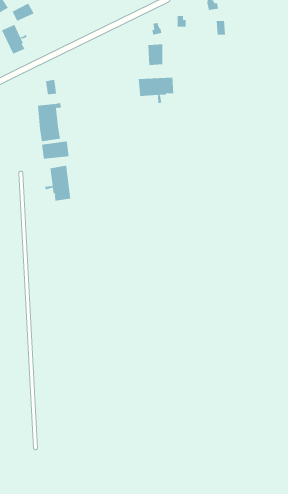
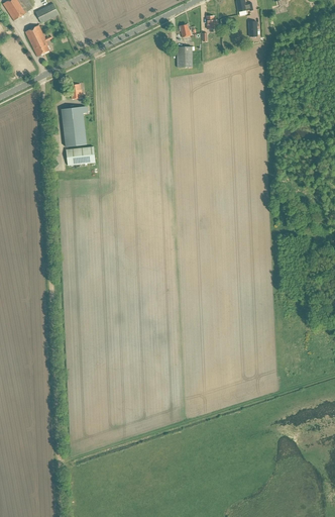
building: [138,77,174,104] -> none
building: [45,165,71,201] -> none

